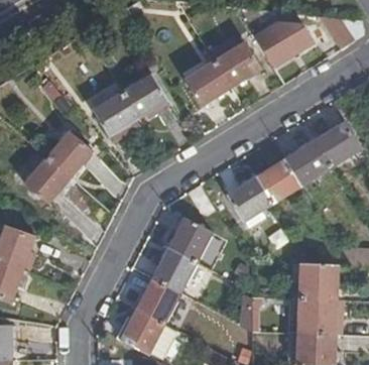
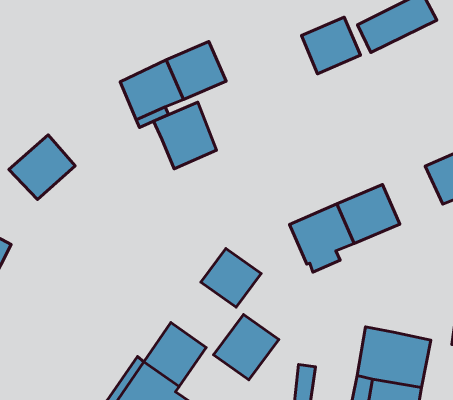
building: [186,62,232,106] -> none
building: none -> [153,102,216,169]
building: [48,131,93,175] -> none
building: [288,141,333,185] -> none
building: [153,245,198,290] -> [214,315,279,380]

